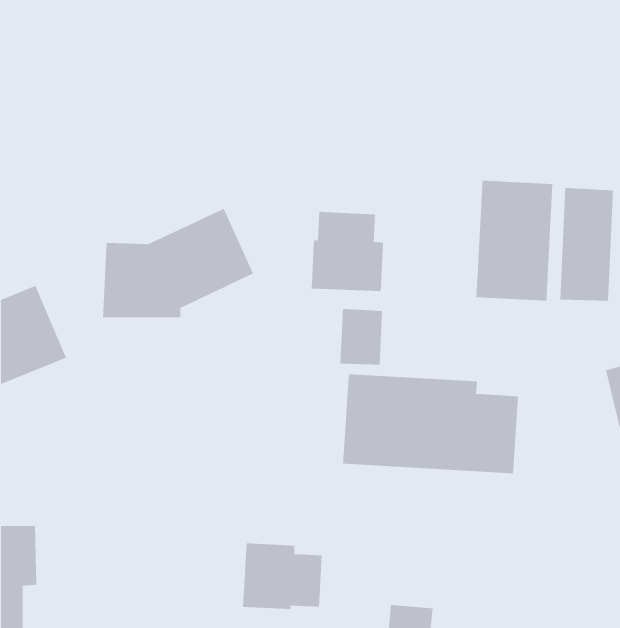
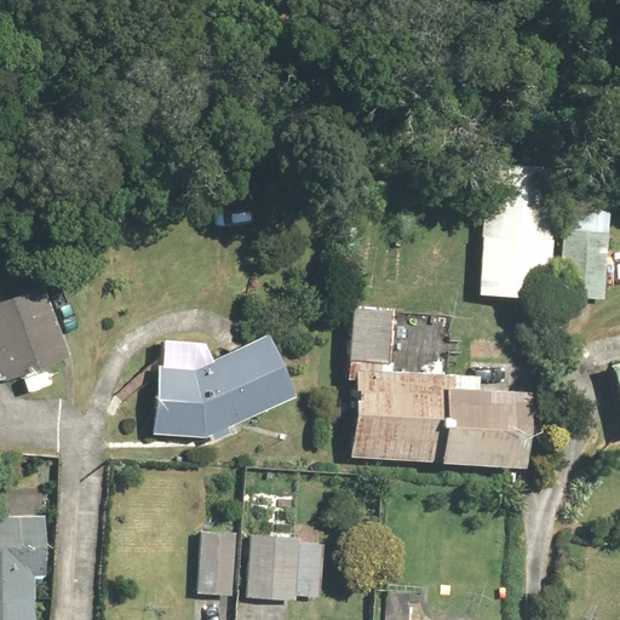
building: [102,208,254,318] -> [147,331,295,438]
building: [311,211,383,292] -> none
building: none -> [200,532,236,597]

